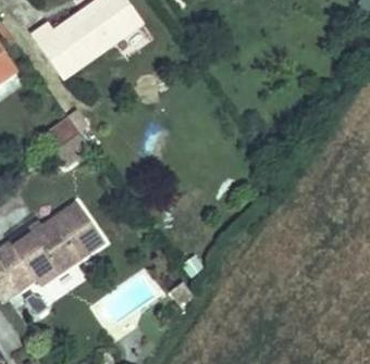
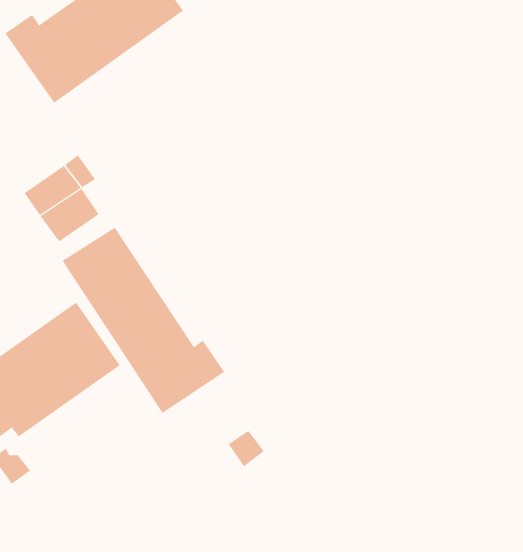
building: none -> [62,227,225,414]

